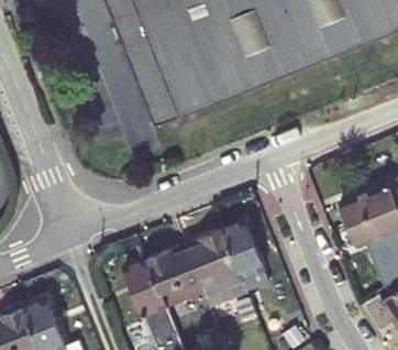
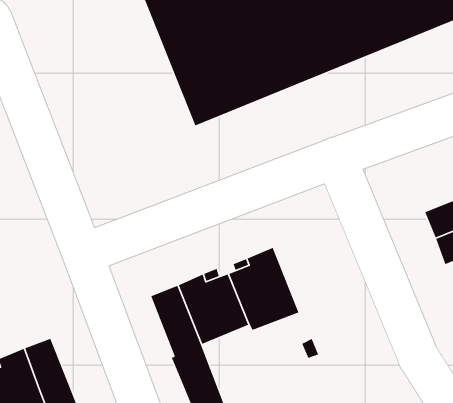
building: [220,218,266,289] -> none

